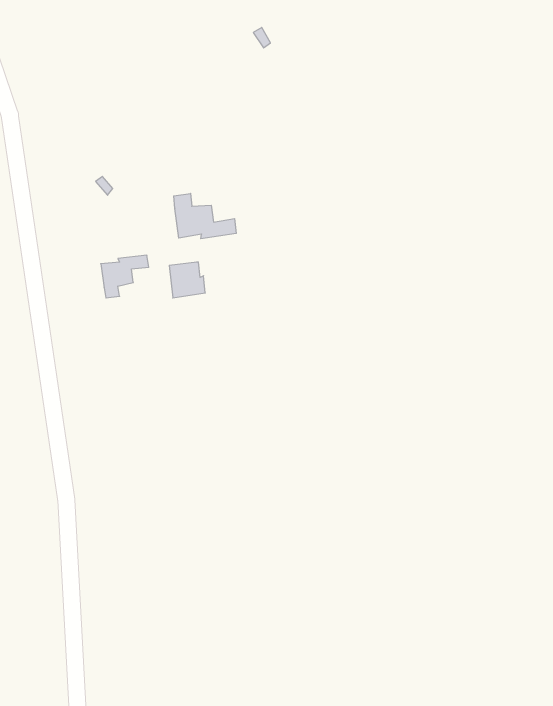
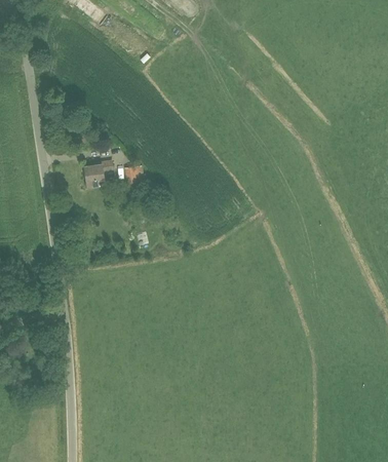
building: [174,193,236,239] -> none

